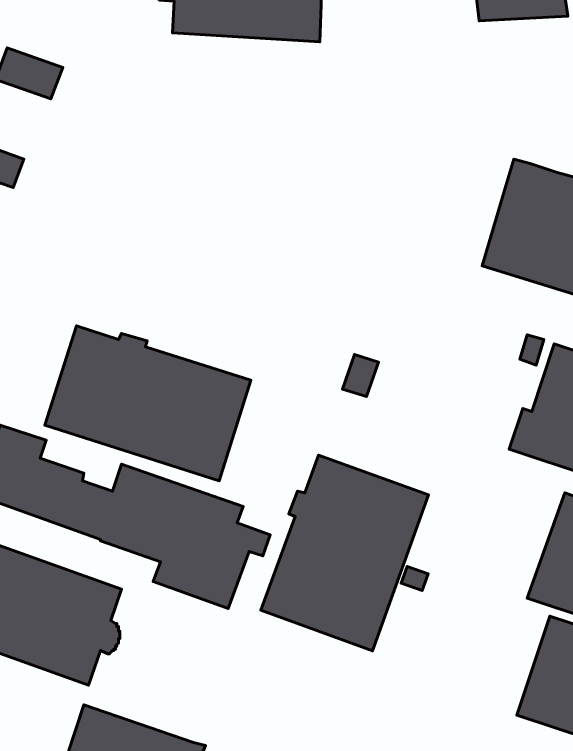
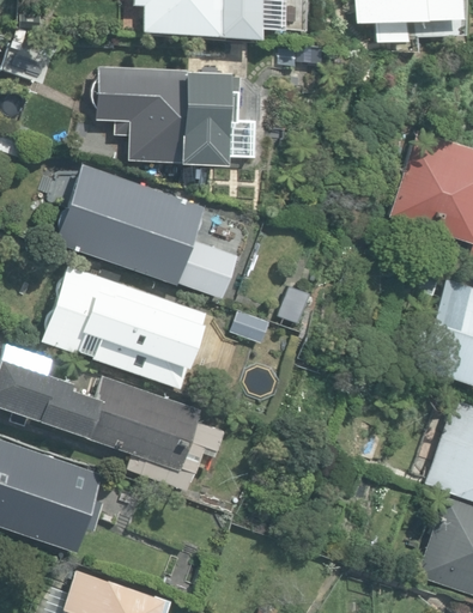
building: none -> [96,59,243,165]
building: none -> [54,164,205,286]
building: [261,455,429,651] -> none

